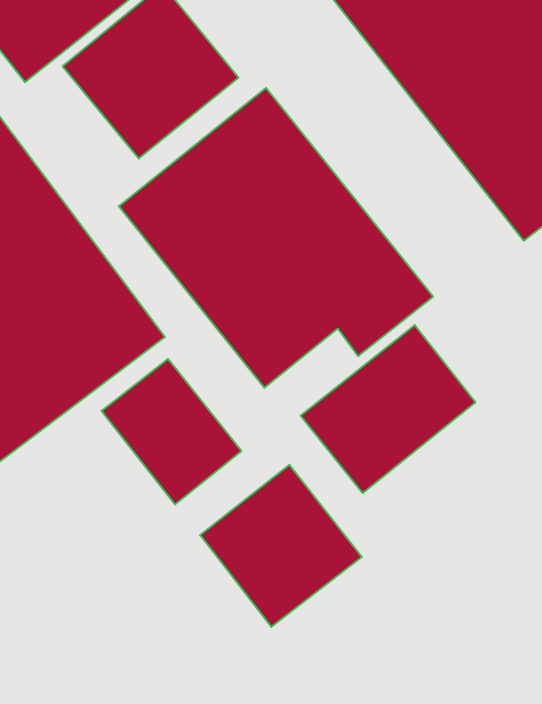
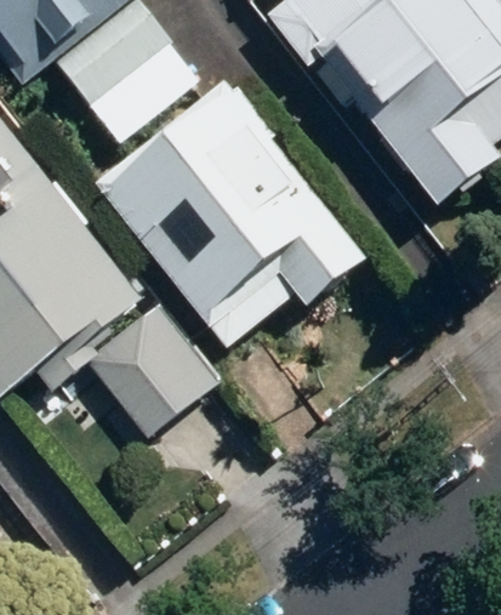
building: [300,325,475,493] -> none
building: [200,465,362,627] -> none

